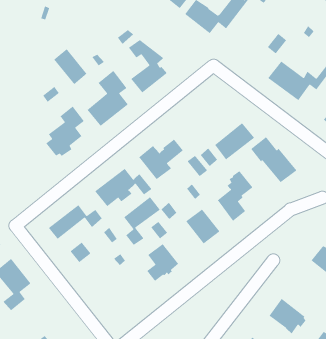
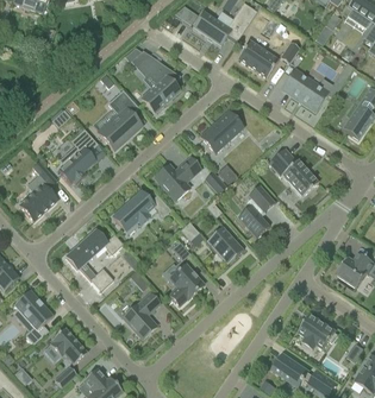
building: none -> [236,40,277,78]
building: [53,48,88,85] -> none
building: [214,122,255,160] -> [200,112,242,152]
building: none -> [19,162,56,221]
building: [123,196,161,246] -> none
building: none -> [121,293,158,339]
building: none -> [49,328,86,365]

